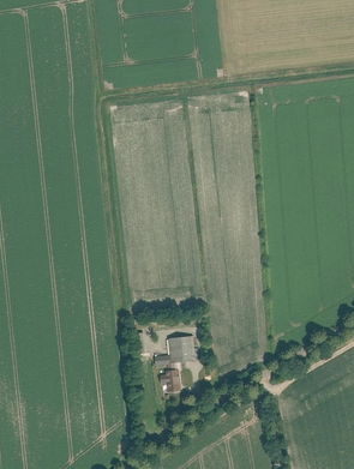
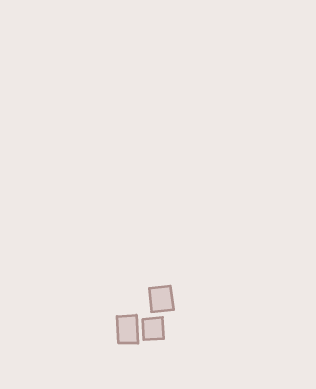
building: none -> [117,315,138,343]

